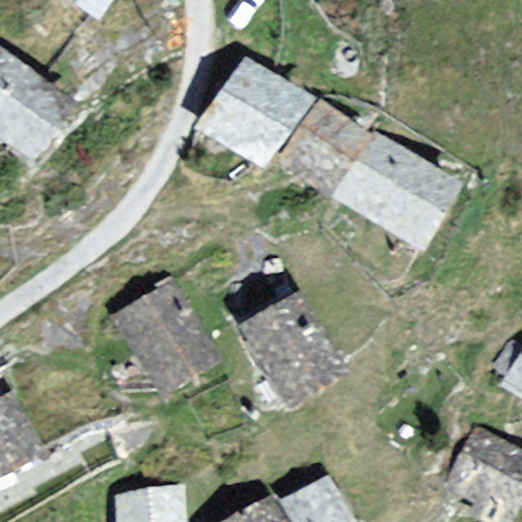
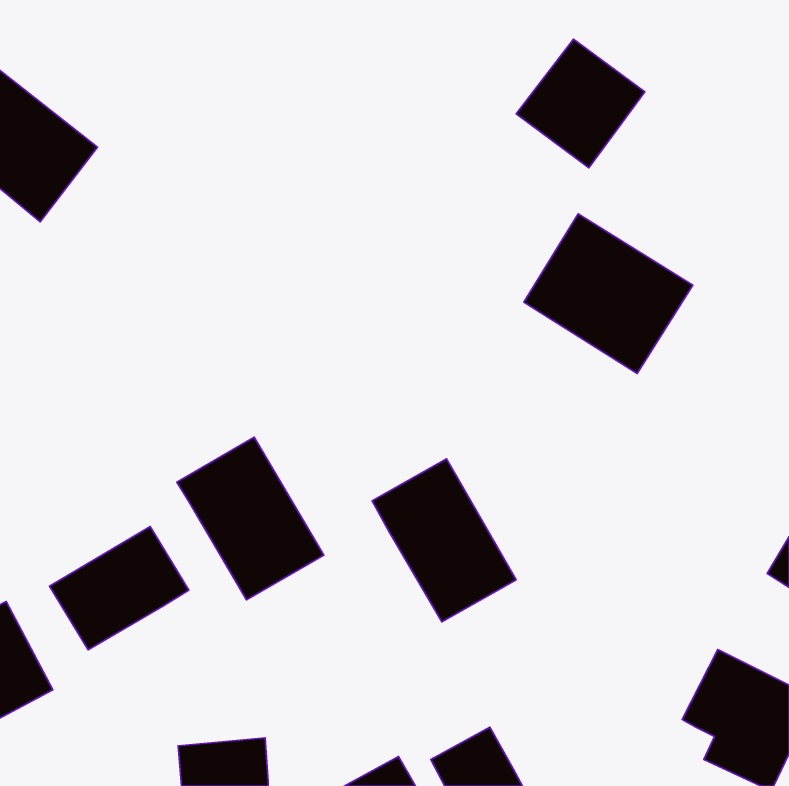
building: [204,65,301,164] -> none
building: [282,107,367,192] -> [516,39,645,168]
building: none -> [49,527,189,650]

